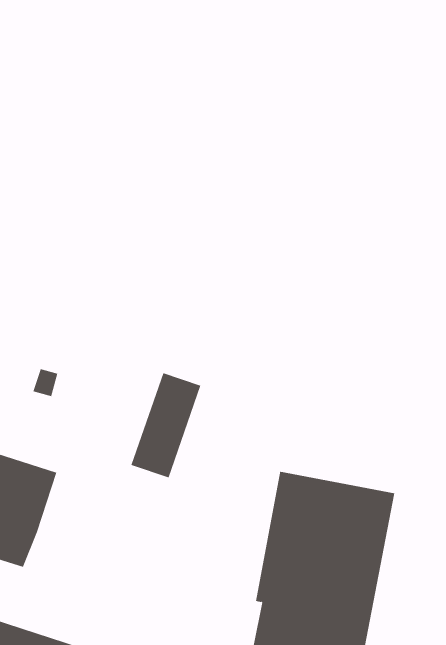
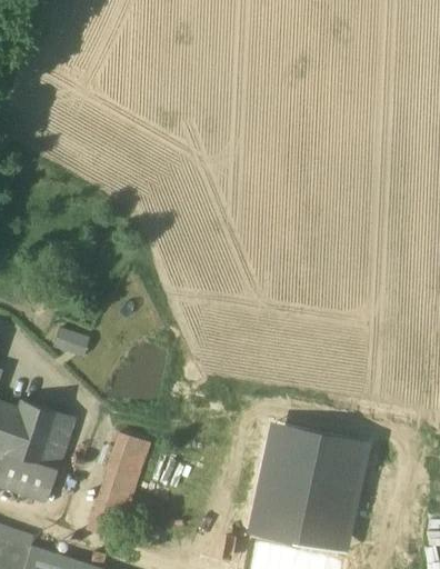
building: [131,373,201,478] -> [91,431,152,522]

